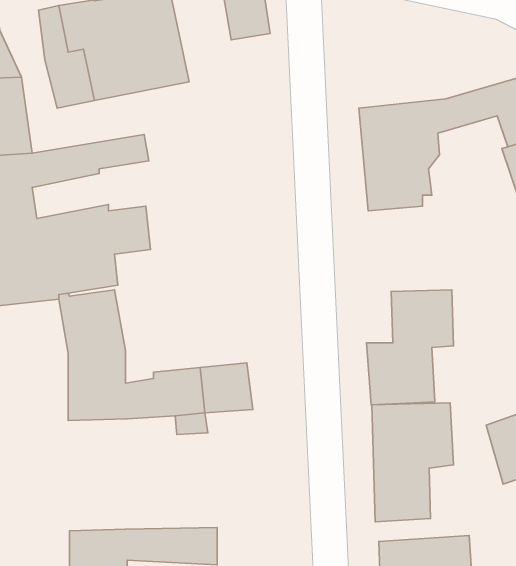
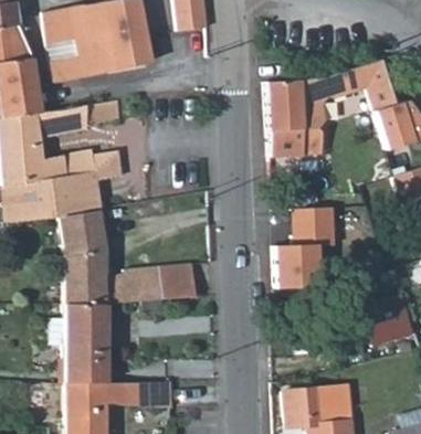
building: [372,403,453,522] -> none
building: none -> [65,303,107,382]

